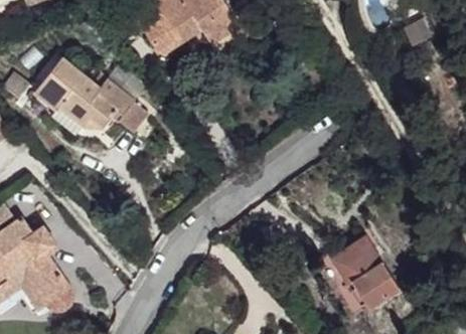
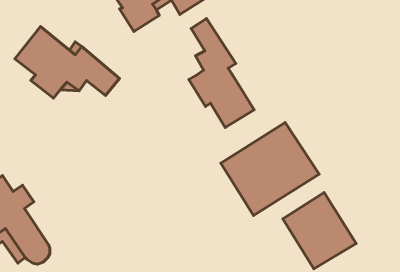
building: none -> [189,18,254,128]
building: none -> [221,122,319,216]

